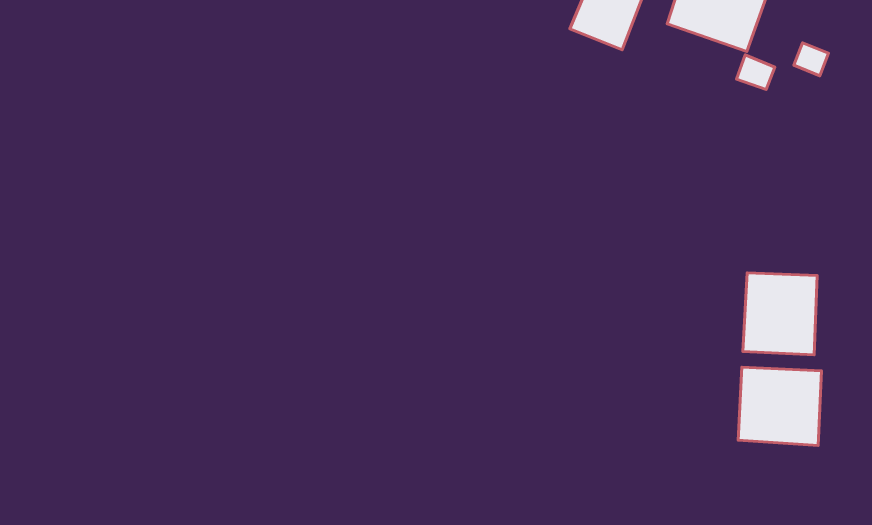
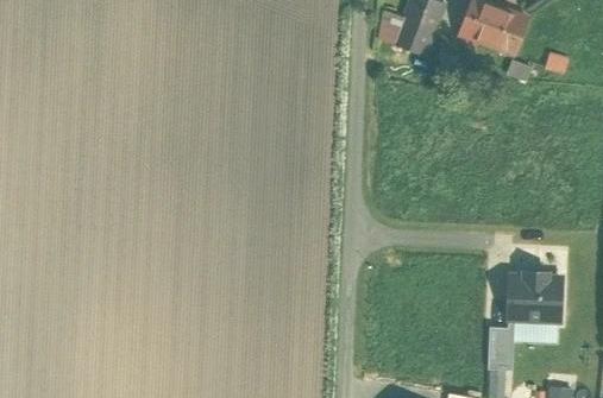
building: [743,273,817,355] -> none
building: none -> [488,327,515,372]

